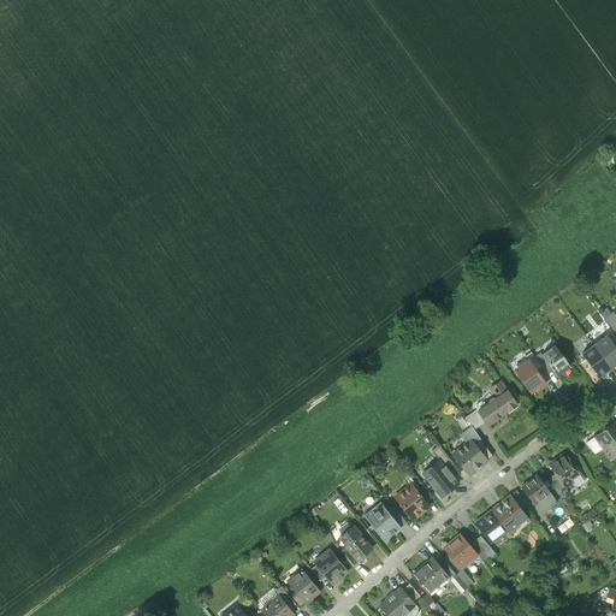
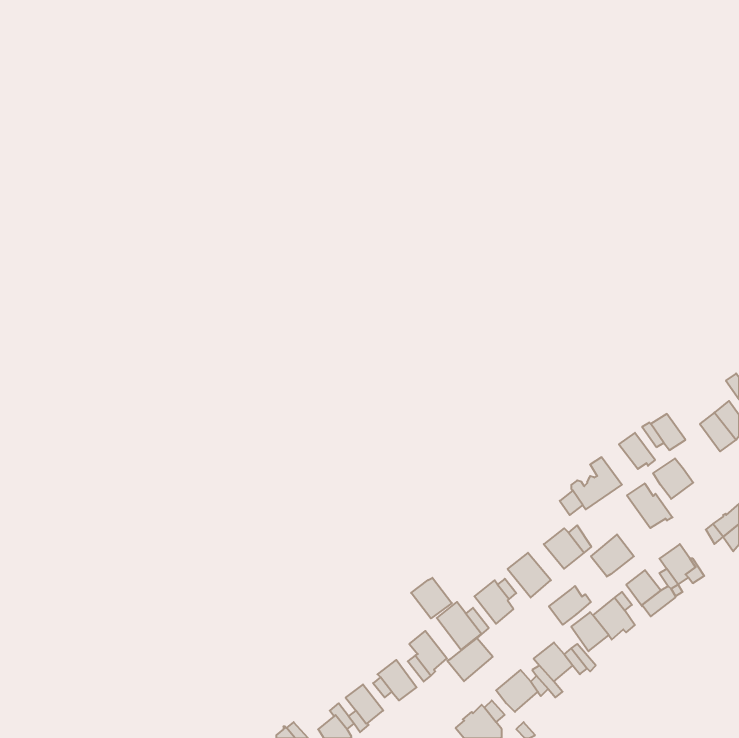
building: none -> [653,458,693,499]
building: none -> [627,483,673,528]
building: none -> [591,534,634,577]
building: none -> [411,578,452,618]
building: none -> [549,586,591,625]
building: none -> [447,638,493,681]

